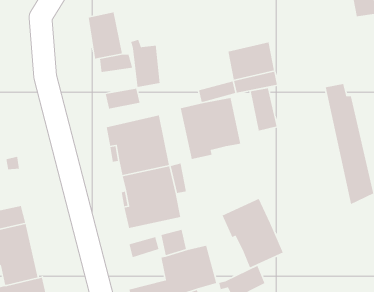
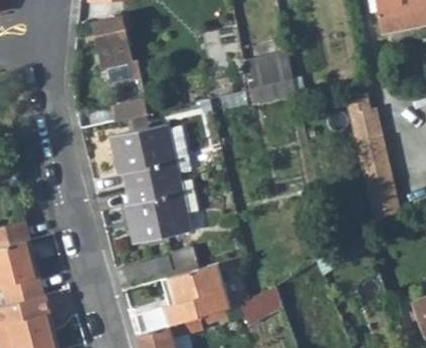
building: [130,39,161,88] -> none
building: [250,88,277,131] -> none
building: [180,97,241,160] -> none
building: [222,198,284,268] -> none

